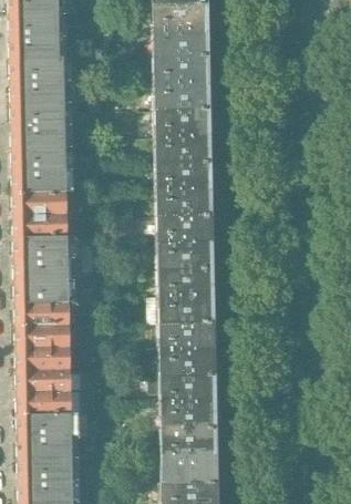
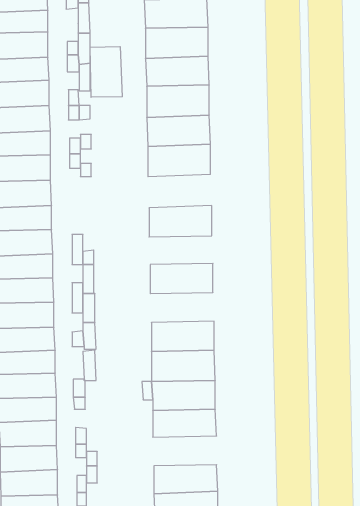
building: none -> [90,47,122,97]
building: [154,188,213,219] -> none
building: [155,245,214,271] -> none
building: [156,297,215,325] -> none
building: [158,429,217,456] -> none

